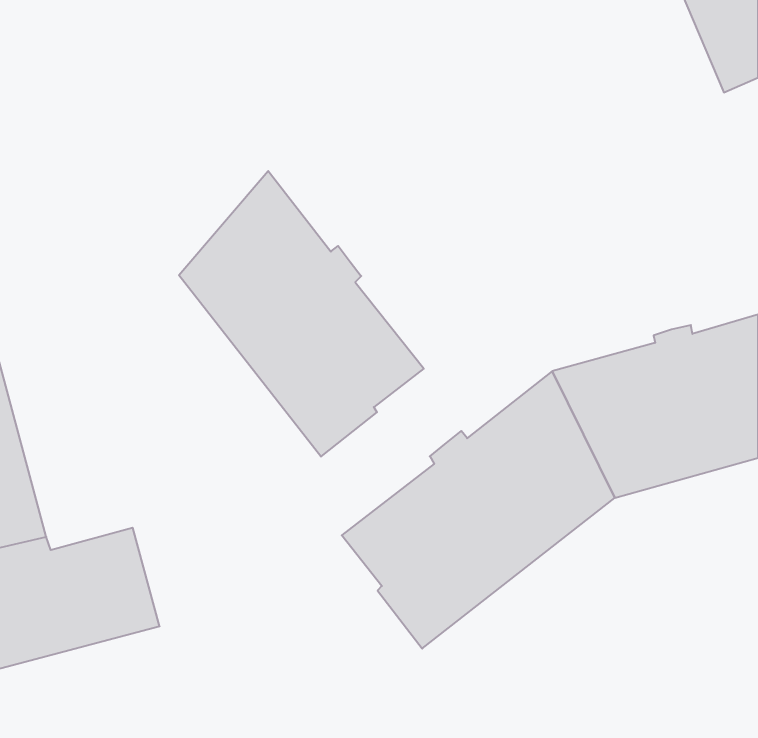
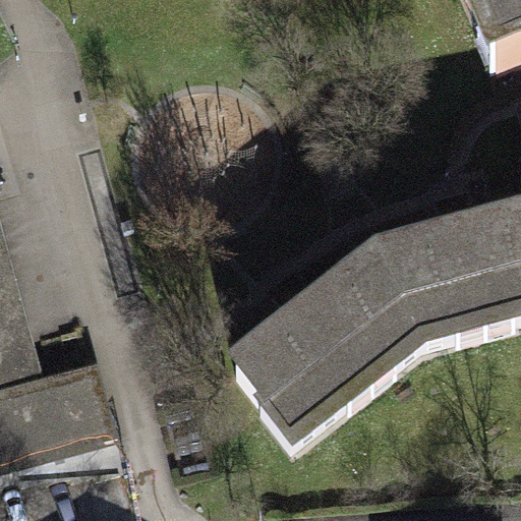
building: [179,171,424,457] -> none

